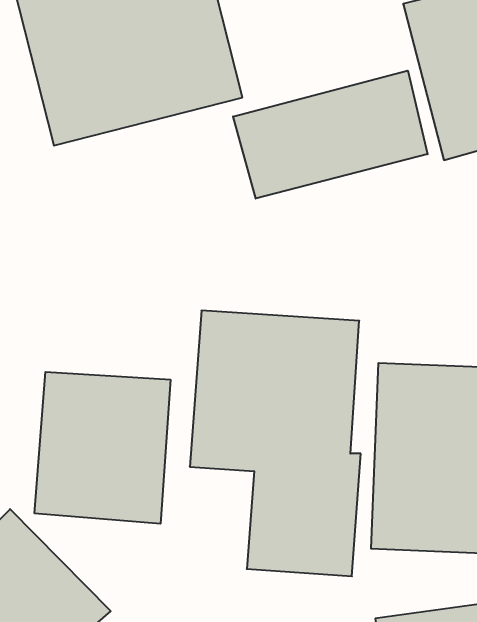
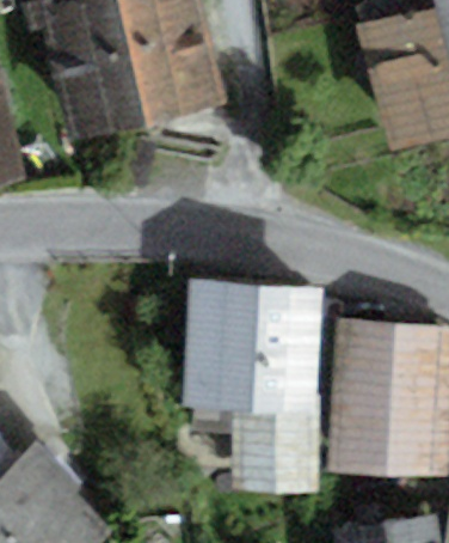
building: [233,71,428,199] -> none
building: [35,372,170,524] -> none

